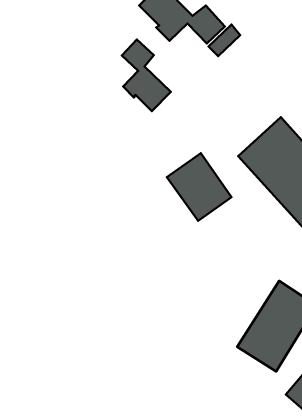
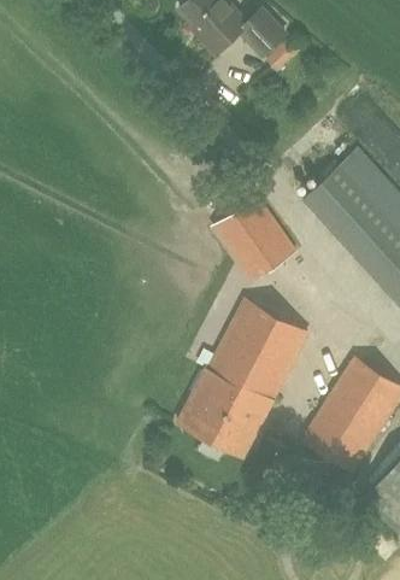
building: [122,40,171,111] -> none
building: none -> [180,298,307,456]

